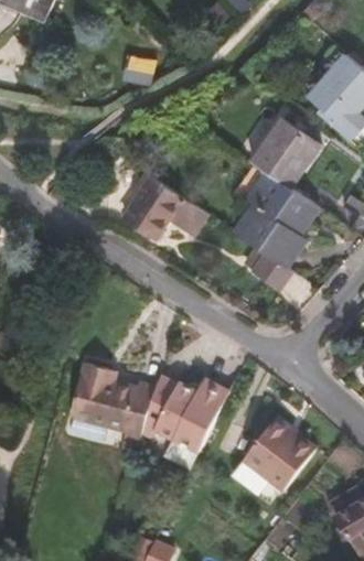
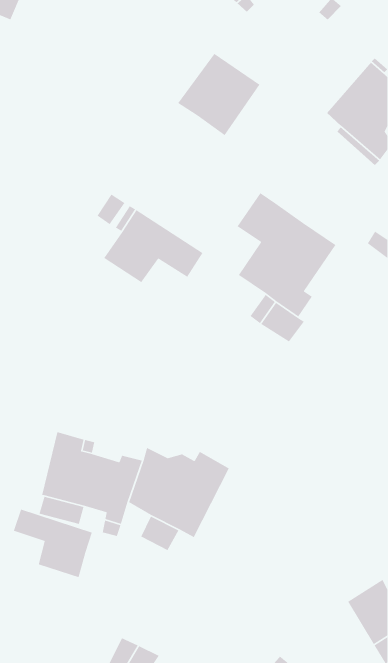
building: [251,118,321,187] -> [177,53,260,136]
building: [244,417,317,489] -> none
building: none -> [13,508,93,578]

